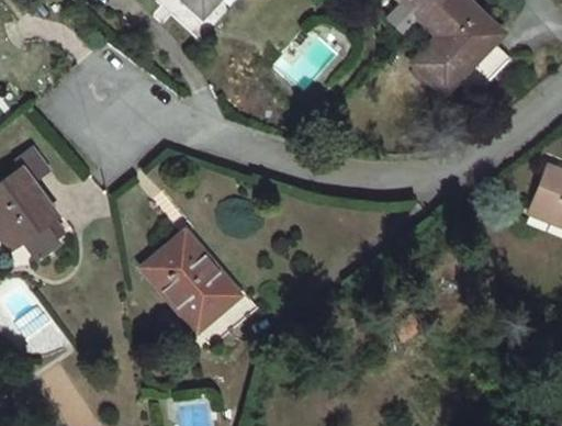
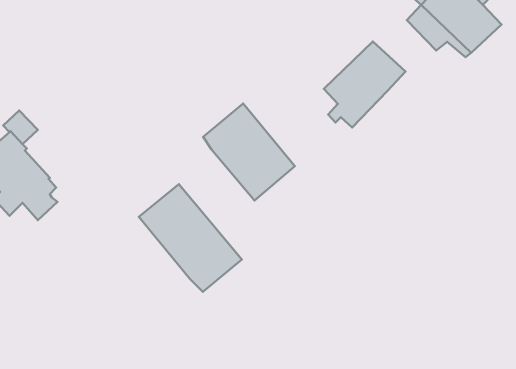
building: none -> [324,41,405,128]
building: none -> [203,103,295,201]

